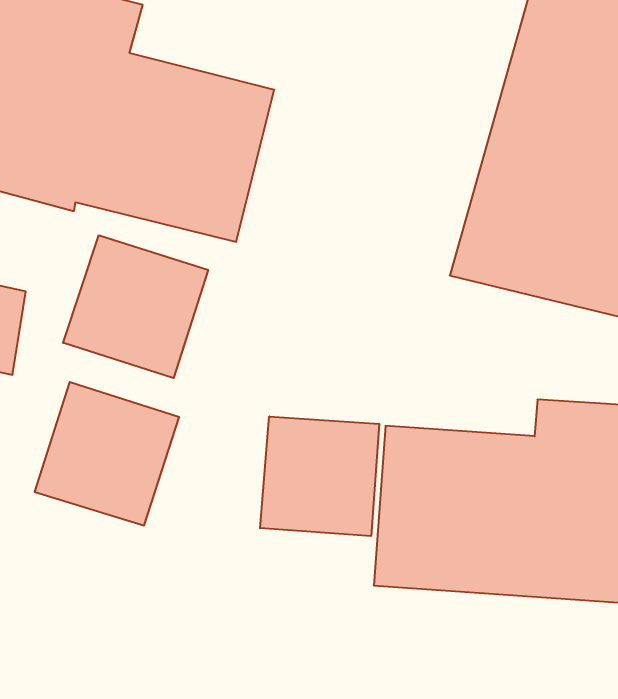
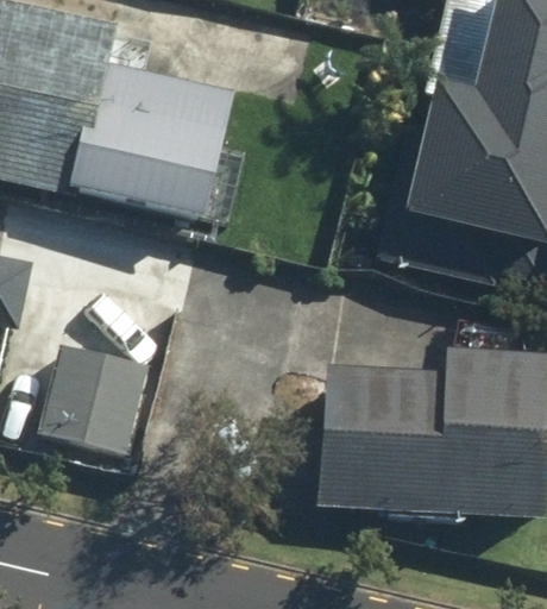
building: [63,235,208,378] -> none
building: [260,416,379,536] -> none

